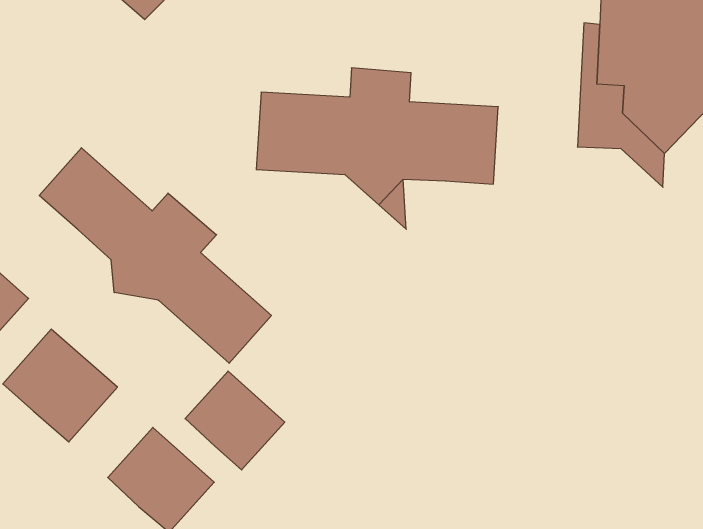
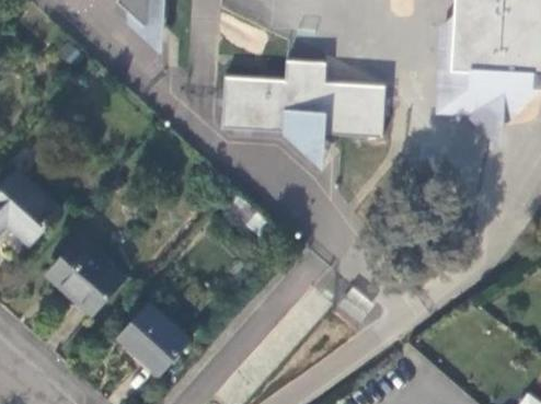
building: [39,148,271,363] -> none
building: [185,371,285,470] -> none

